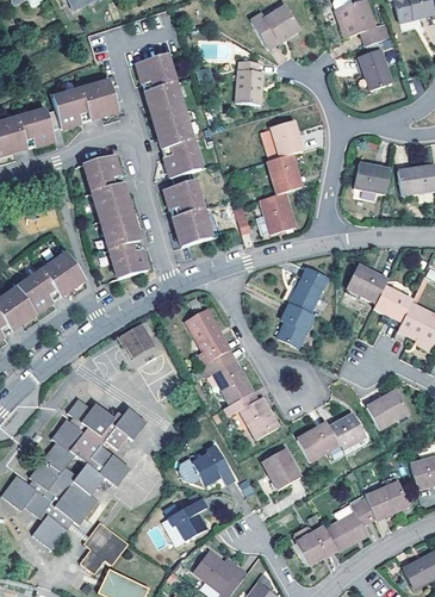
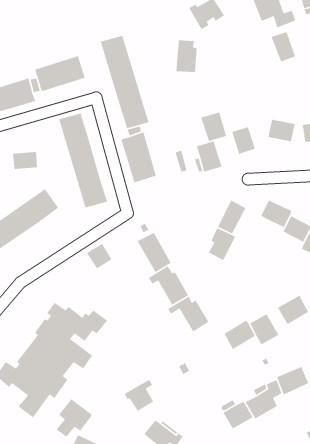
building: [271,120,303,157] -> [231,126,256,155]
building: [179,446,235,485] -> none
building: [262,448,300,489] -> none

